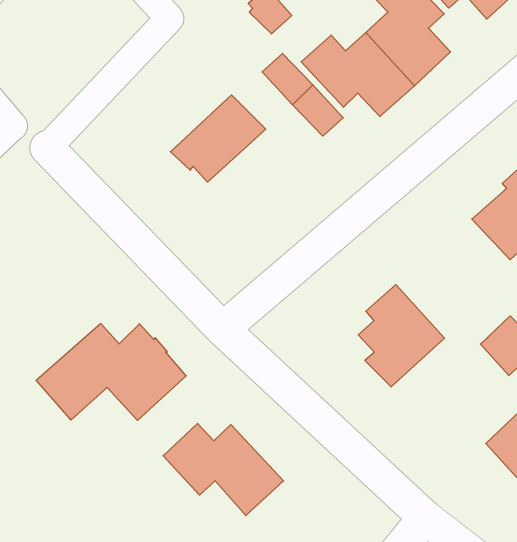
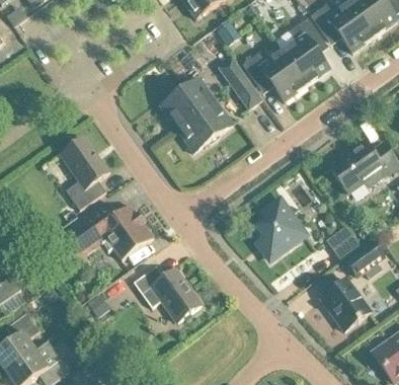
building: none -> [179,99,233,151]
building: none -> [62,137,108,209]

